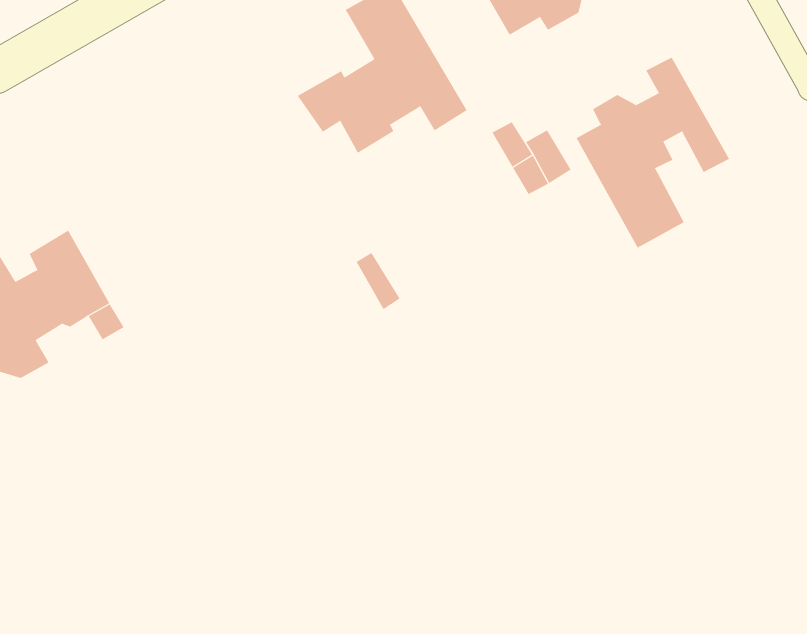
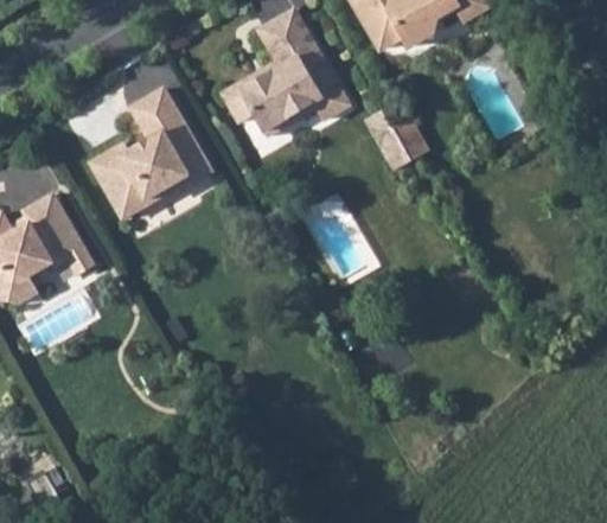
building: [576,57,730,249] -> none
building: none -> [91,87,212,217]

